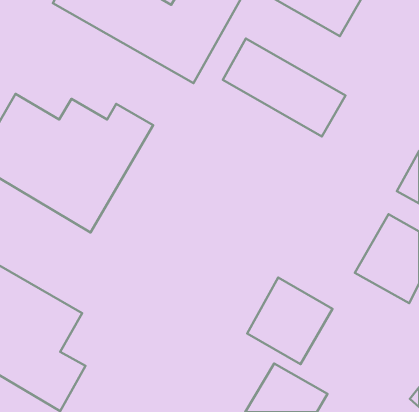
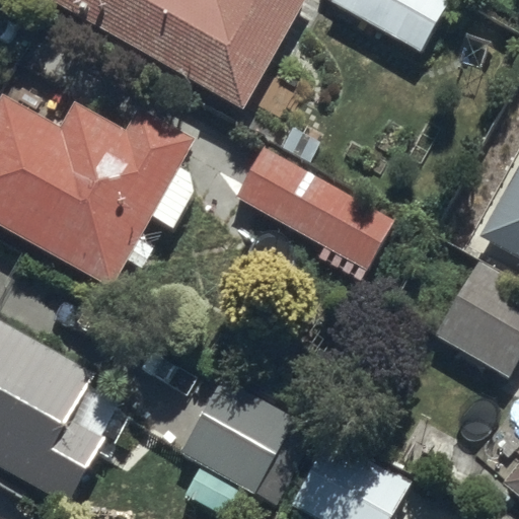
building: [223,39,346,137] -> [234,147,385,268]
building: [247,278,333,364] -> [191,384,296,491]

